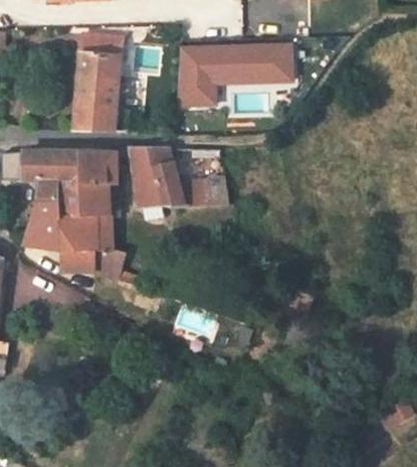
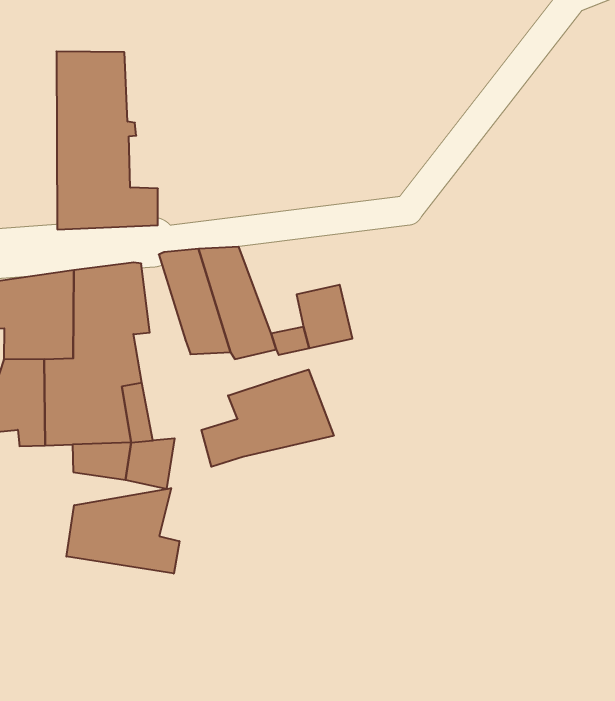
building: [170,40,285,100] -> none
building: none -> [201,370,334,467]
building: none -> [66,488,179,574]

